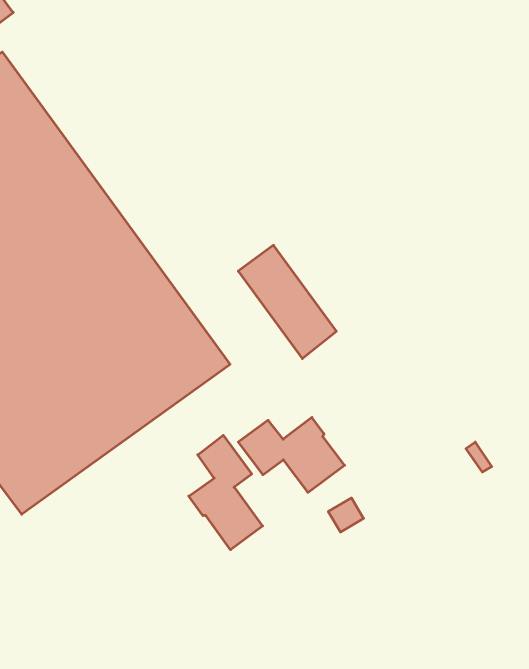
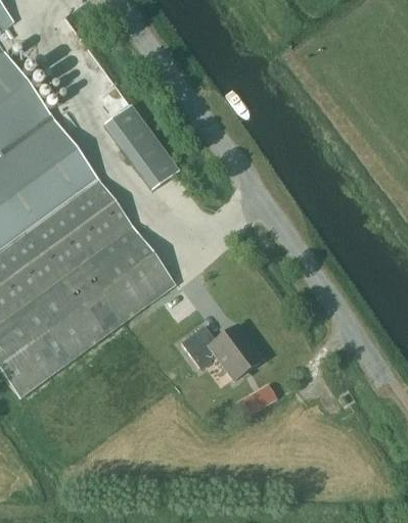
building: [238,245,336,359] -> [103,104,177,189]
building: [189,435,263,550] -> none

